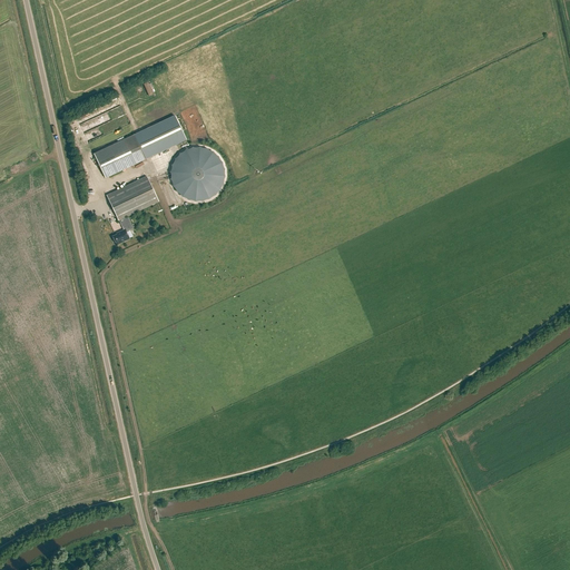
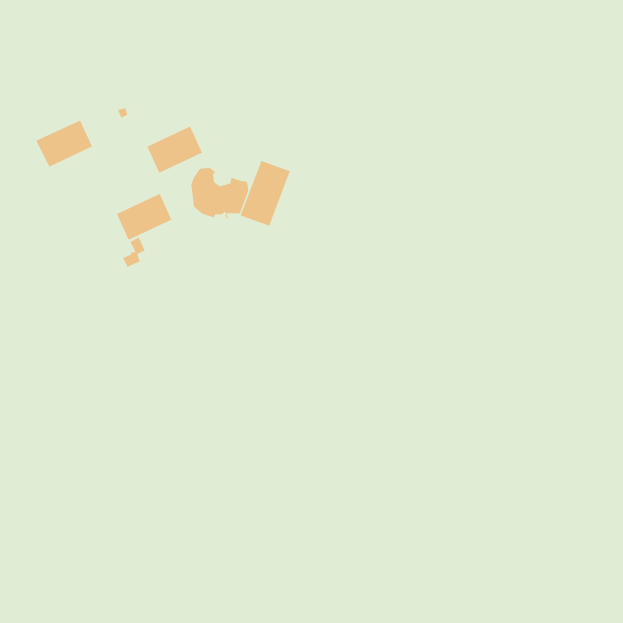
building: [92,134,145,177] -> [35,120,93,167]
building: none -> [240,160,290,226]

